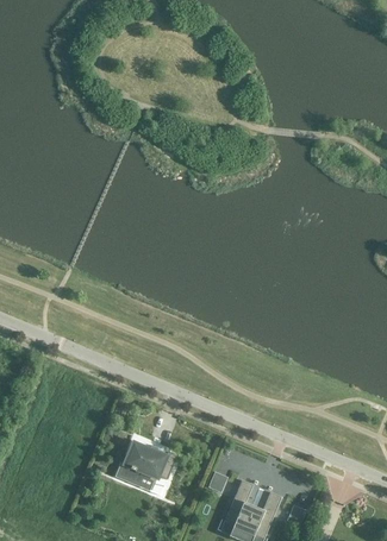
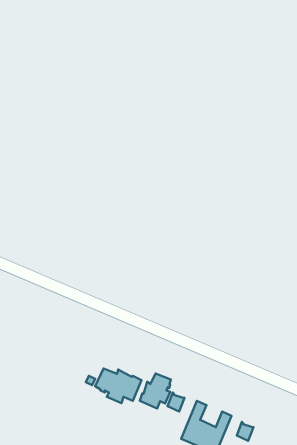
building: none -> [140,373,171,409]

